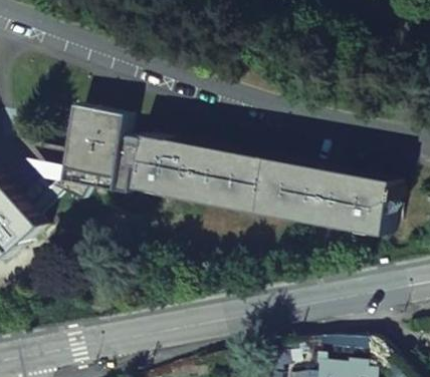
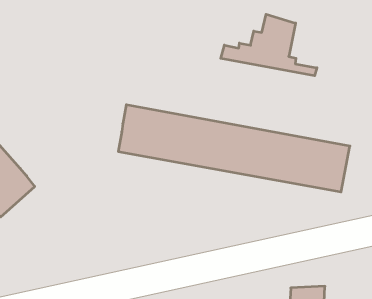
building: none -> [221,14,317,76]
building: [23,107,138,216] -> none

